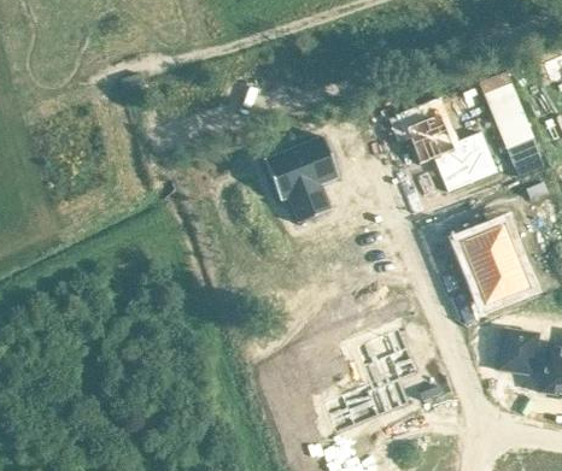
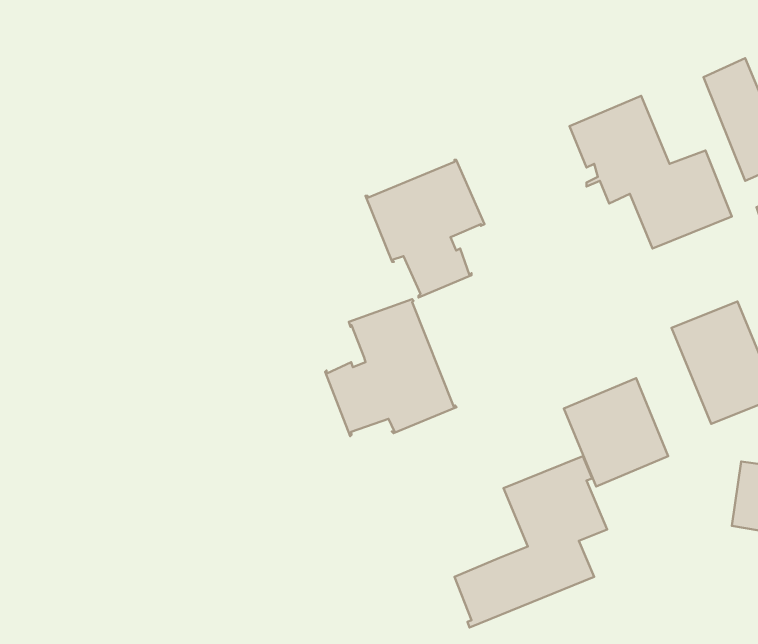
building: none -> [325,299,456,436]
building: none -> [564,378,668,486]

